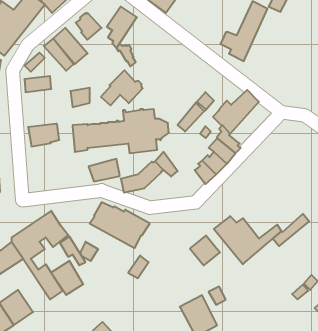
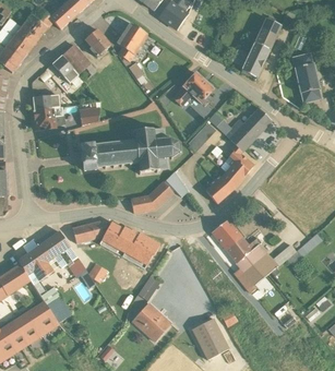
building: none -> [292,52,322,104]
building: [101,70,143,105] -> [172,71,215,107]
building: [28,124,59,146] -> [34,107,65,130]
building: [89,159,120,181] -> [72,220,104,243]
building: [190,236,220,265] -> [212,219,242,250]
building: [51,261,83,295] -> [26,300,59,335]
building: none -> [132,302,172,343]

